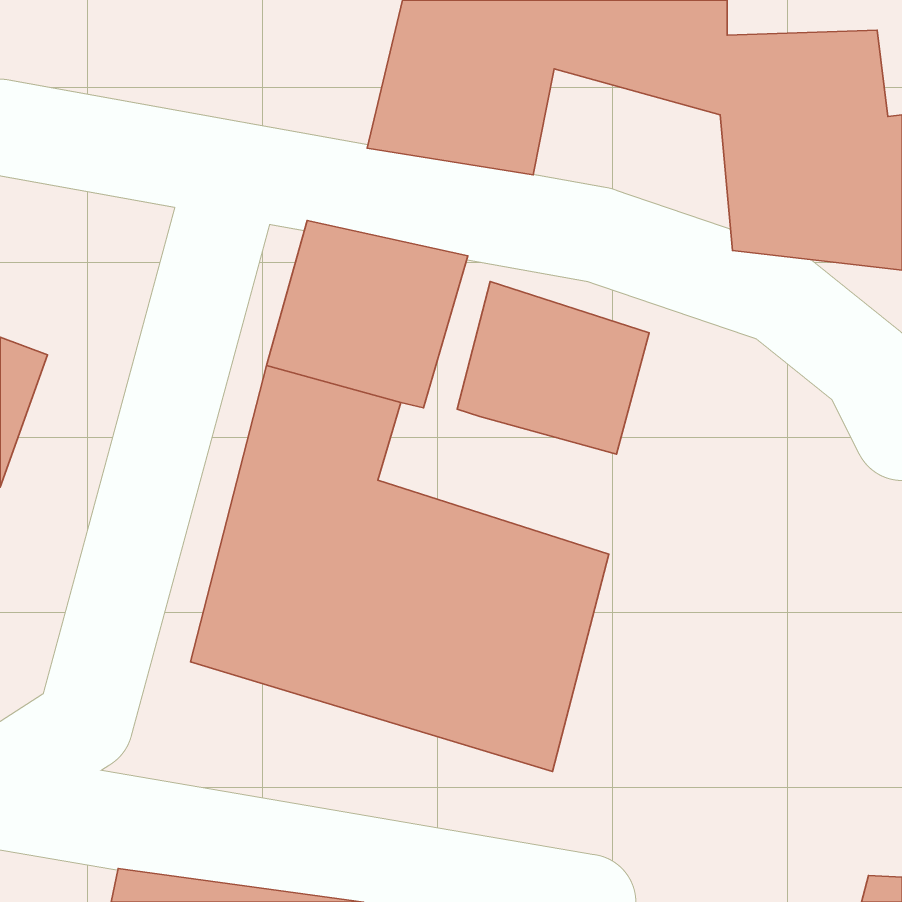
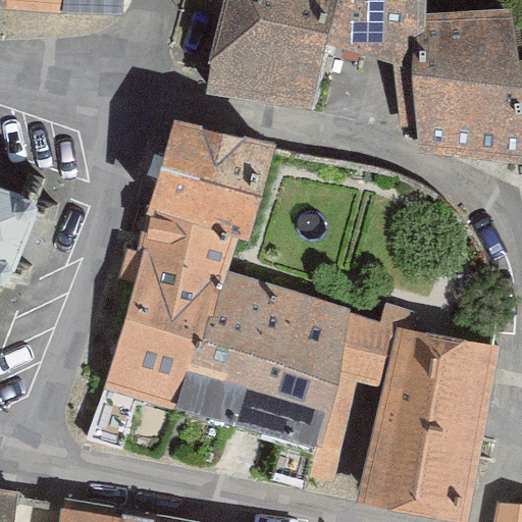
building: [457,281,649,454] -> none
building: none -> [313,310,491,516]

